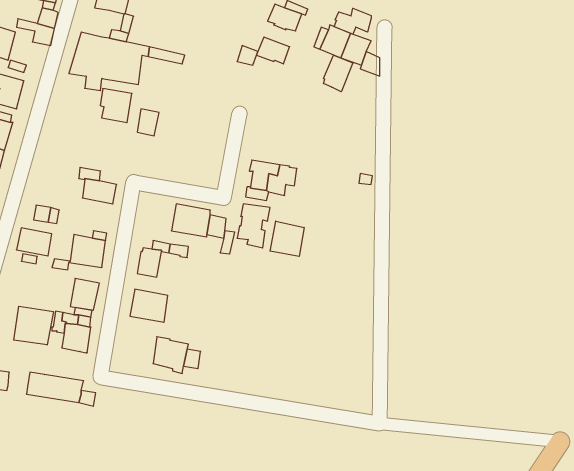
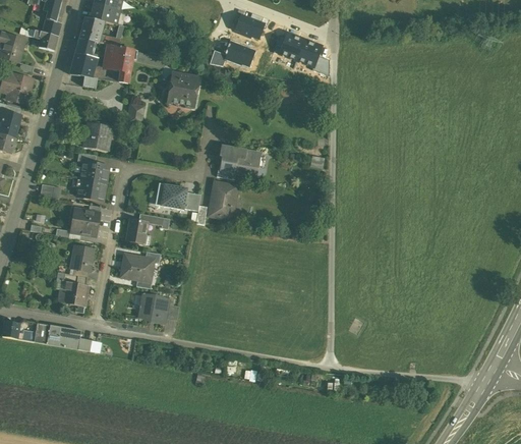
building: none -> [79,17,103,43]
building: [334,8,371,34] -> none
building: [324,55,353,92] -> none
building: none -> [167,72,198,109]
building: [100,89,132,123] -> [85,122,112,151]
building: [270,221,304,256] -> none
building: [16,228,52,256] -> [76,177,106,201]
building: [14,306,53,345] -> none

